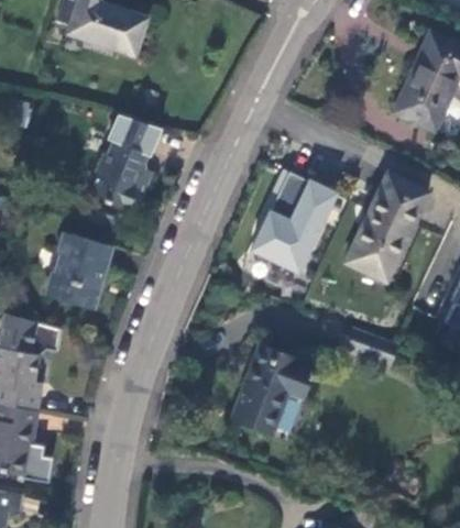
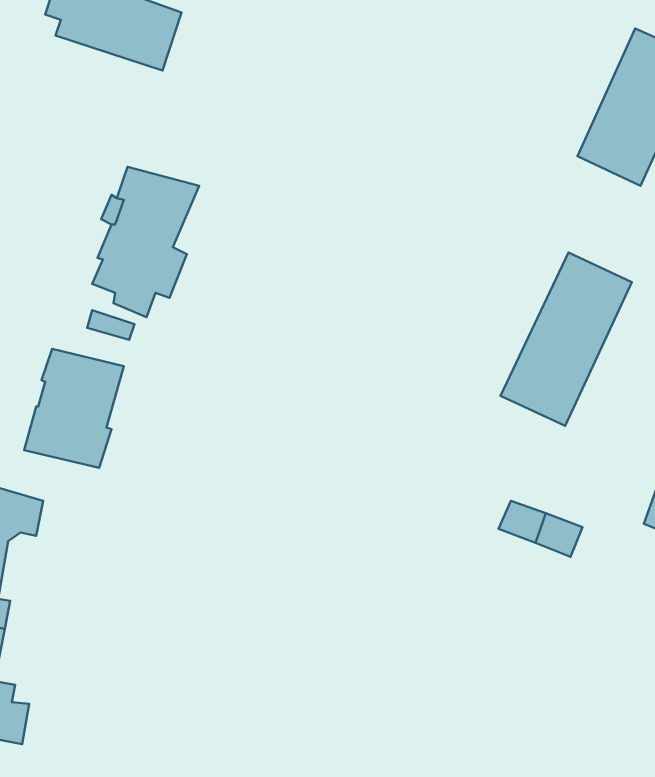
building: [250,169,340,277] -> none
building: [238,343,315,427] -> none

